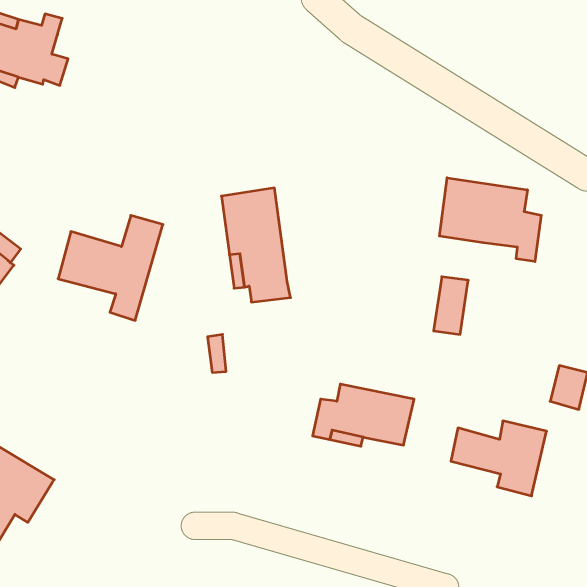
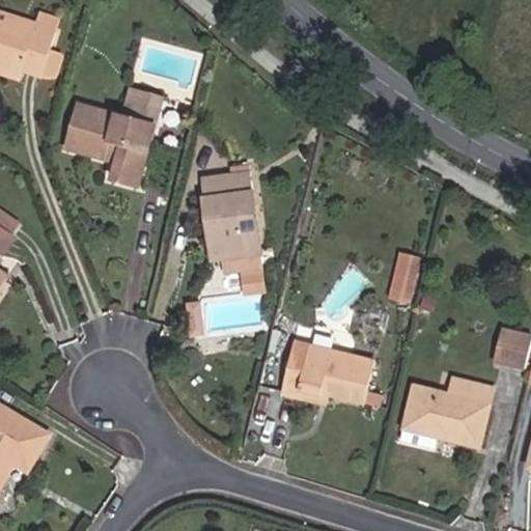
building: [439,178,541,262] -> none
building: [58,215,163,320] -> [64,89,159,184]
building: none -> [400,415,450,444]

